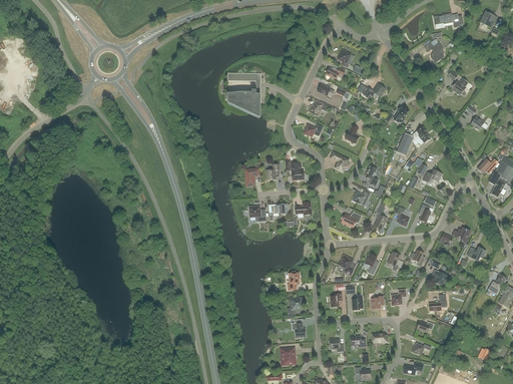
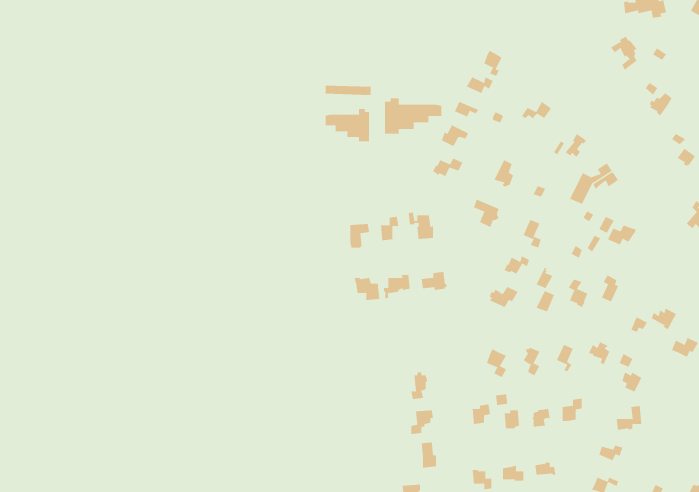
building: none -> [384,97,444,135]

